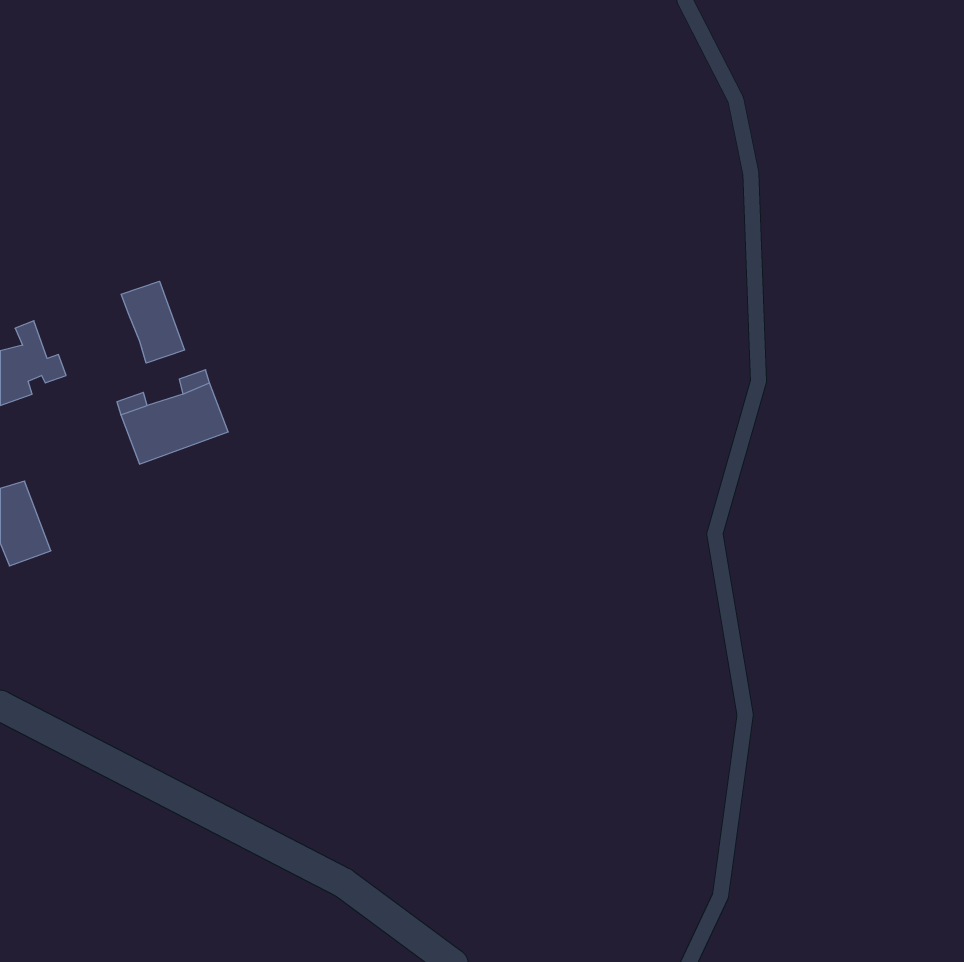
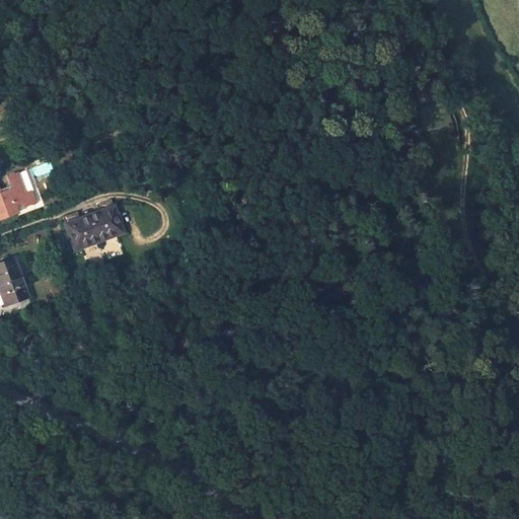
building: [121,281,184,363] -> none

